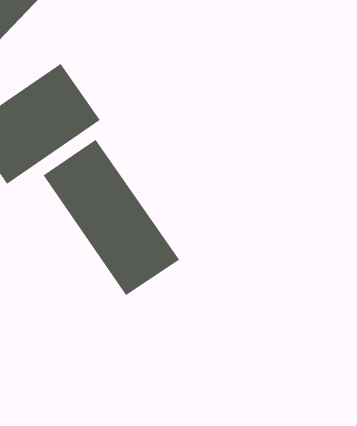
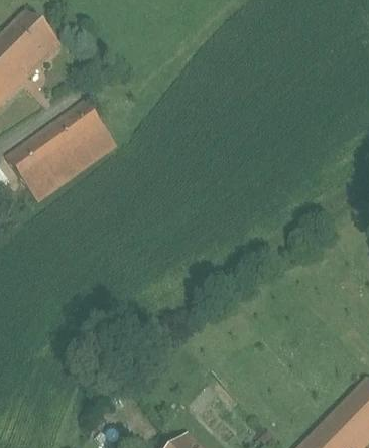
building: [42,139,180,296] -> none

